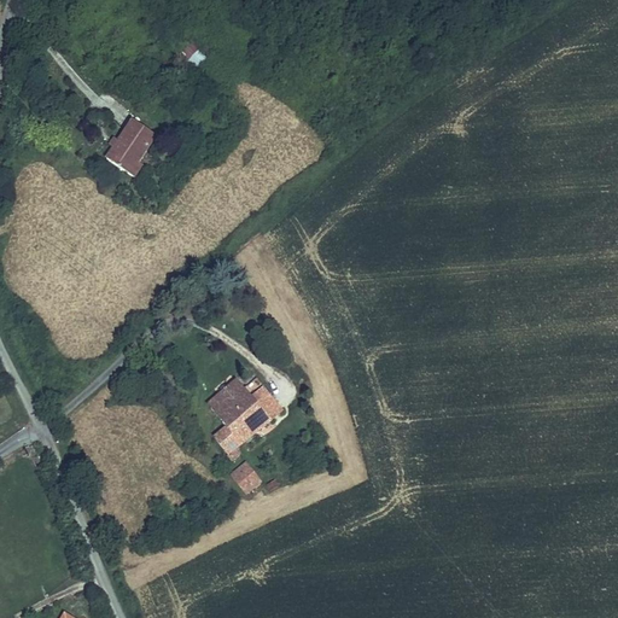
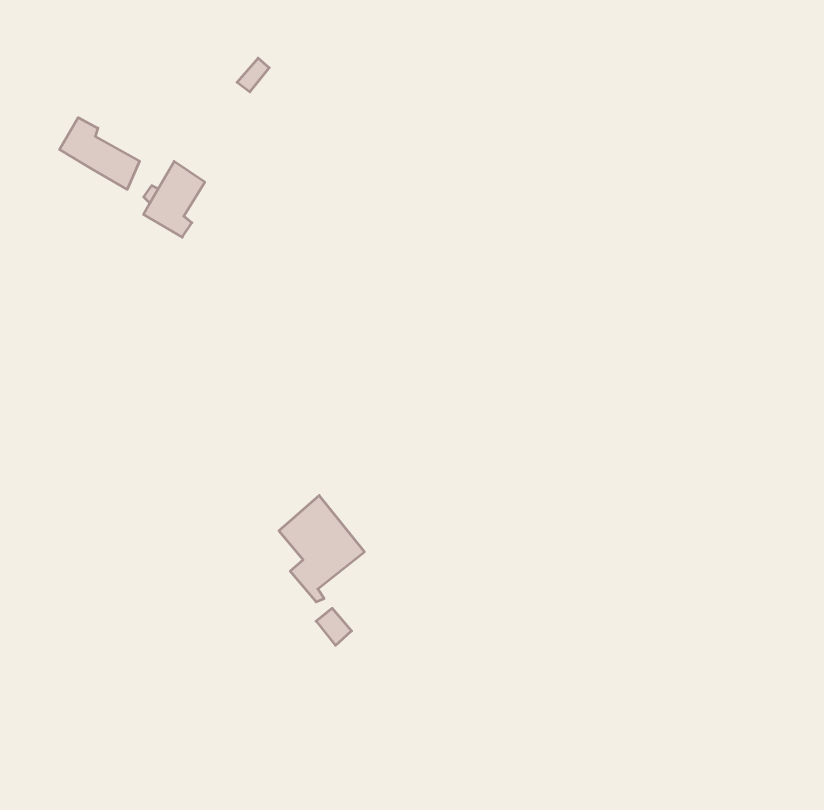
building: none -> [60,118,140,189]

